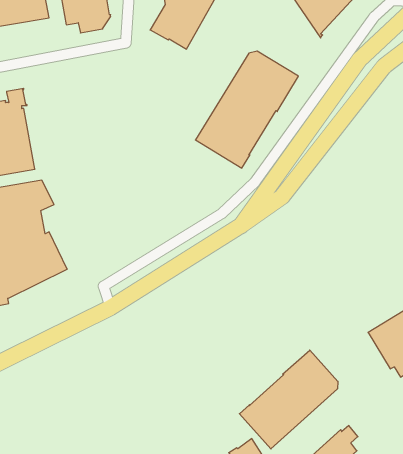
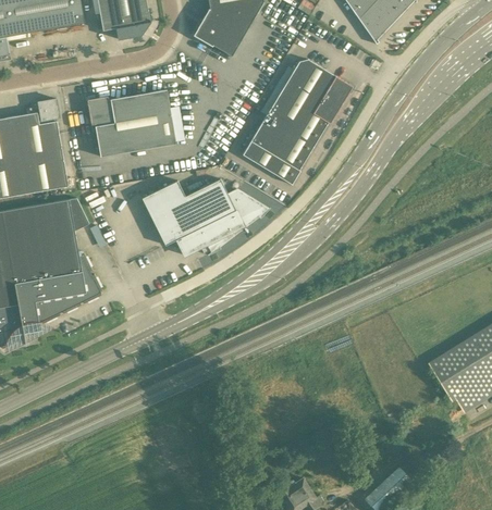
building: none -> [90,89,175,157]
building: none -> [140,178,268,256]
building: [239,350,338,449] -> none

